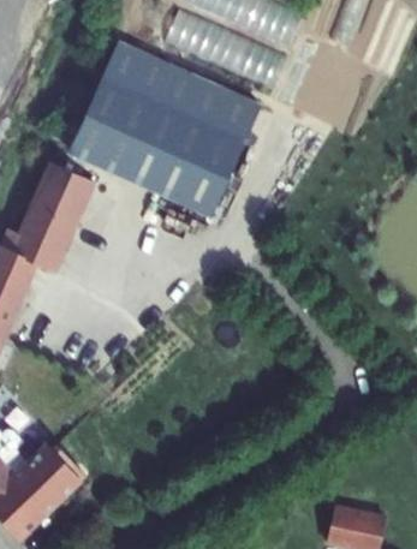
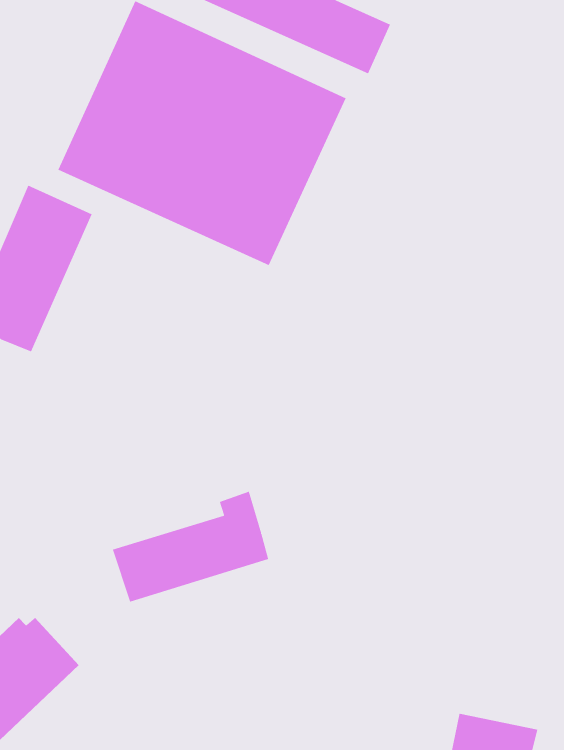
building: none -> [112,491,269,603]

